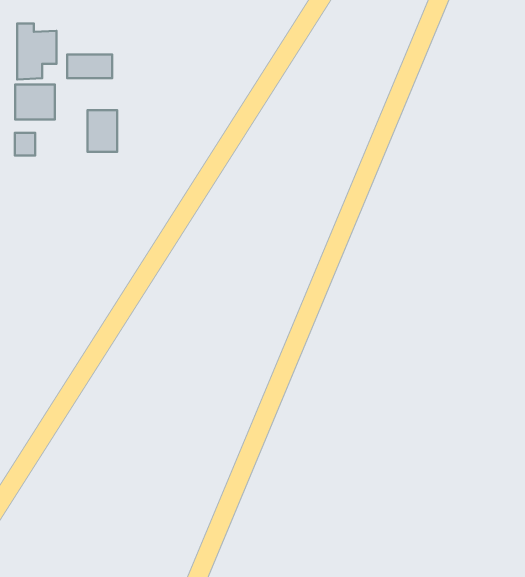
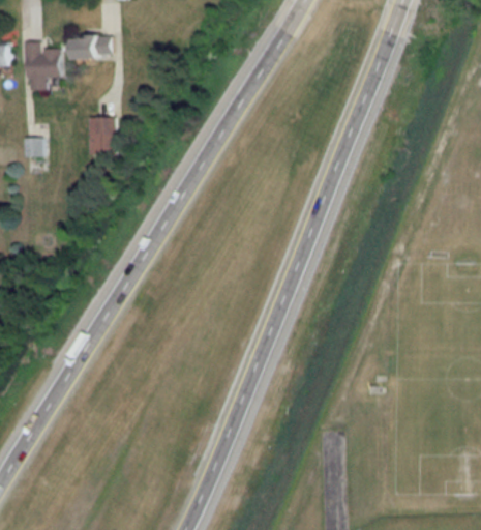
building: [67,54,112,78] -> [70,36,110,57]
building: [15,84,55,119] -> none

